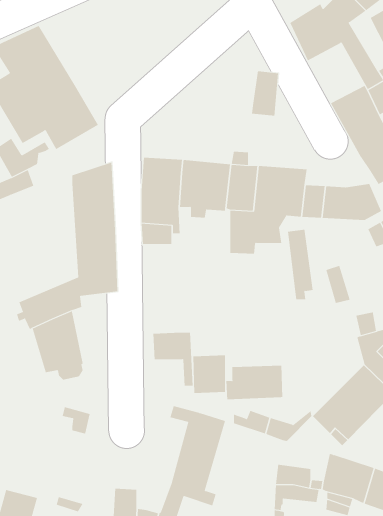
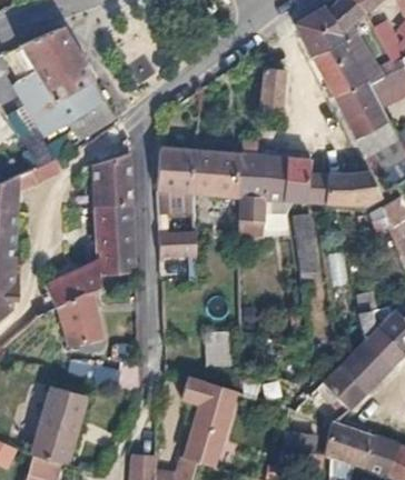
building: none -> [312,41,365,97]
building: [153,332,193,386] -> [159,231,197,281]
building: [226,365,283,400] -> none
building: none -> [31,387,87,464]

